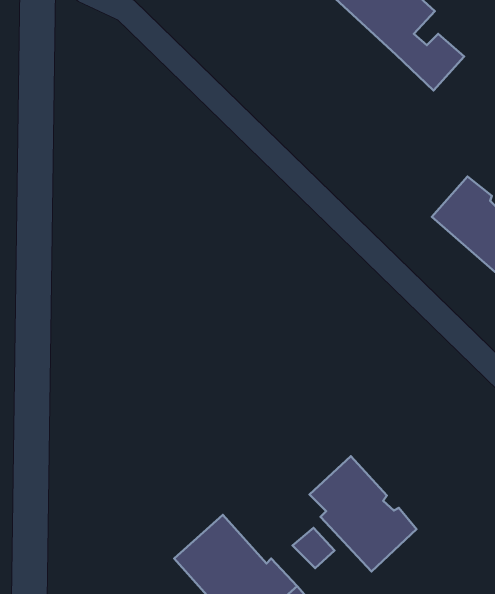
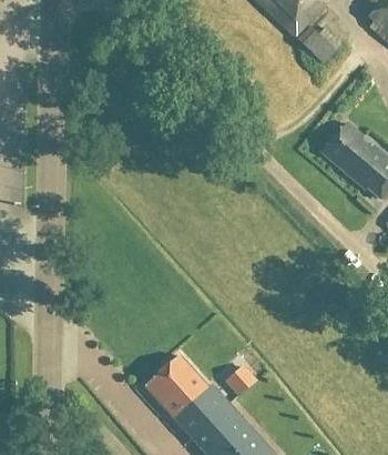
building: [309,456,417,572] -> none

